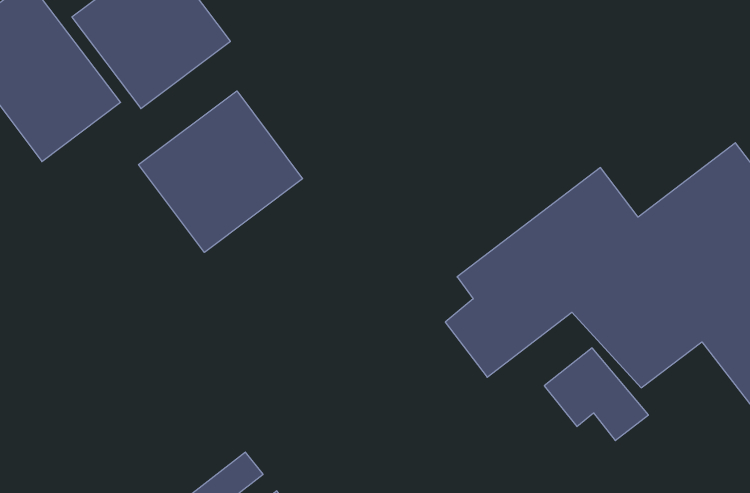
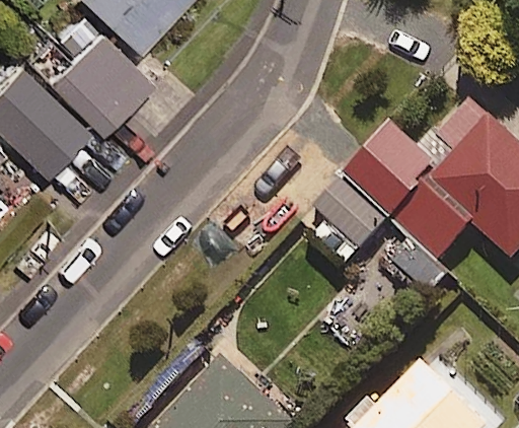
building: [139,91,303,252] -> none

